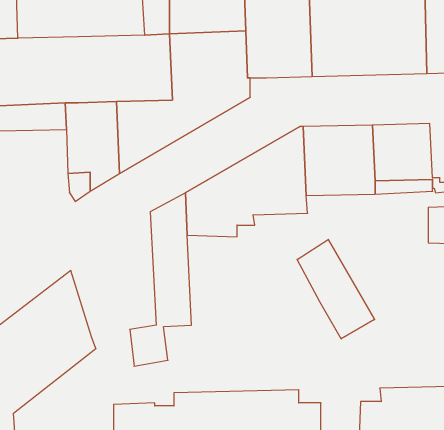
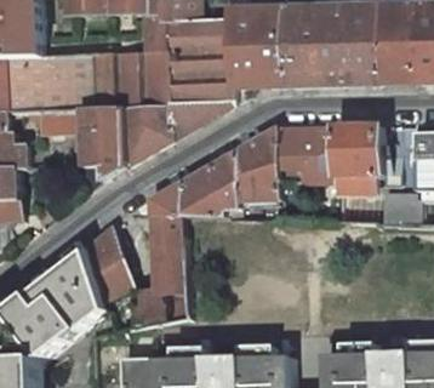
building: [297,239,375,339] -> none
building: none -> [82,228,129,302]

